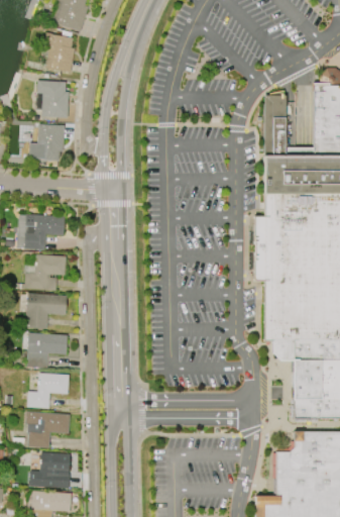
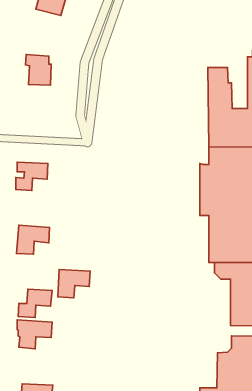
building: [43,33,75,73] -> none
building: [28,124,65,161] -> none
building: [24,254,67,291] -> none
building: [27,333,68,369] -> [58,269,90,298]
building: [29,451,70,488] -> none

